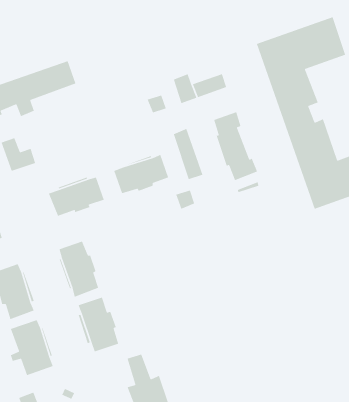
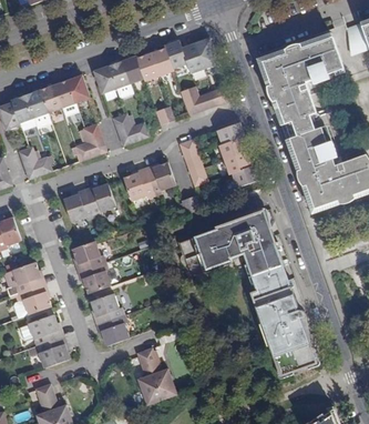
building: none -> [94,37,218,93]
building: none -> [112,112,148,145]
building: none -> [75,122,106,160]
building: none -> [178,208,324,374]

